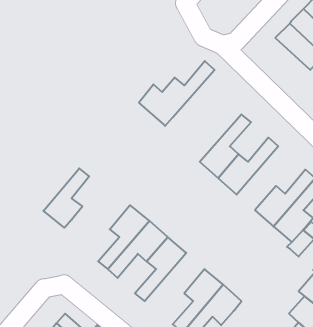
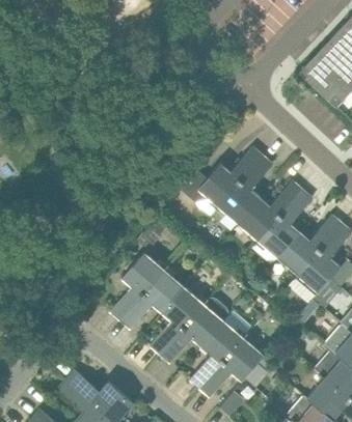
building: [139,61,215,126] -> [182,145,263,215]
building: none -> [258,189,313,257]
building: [43,168,89,228] -> none
building: none -> [159,298,228,364]

